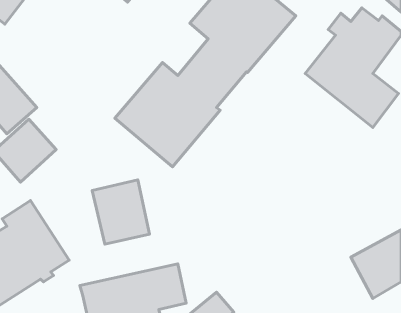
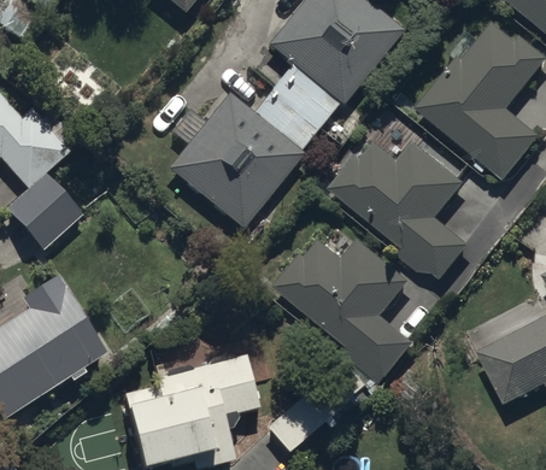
building: none -> [328,137,470,280]
building: none -> [274,235,418,381]
building: [92,180,150,244] -> none

